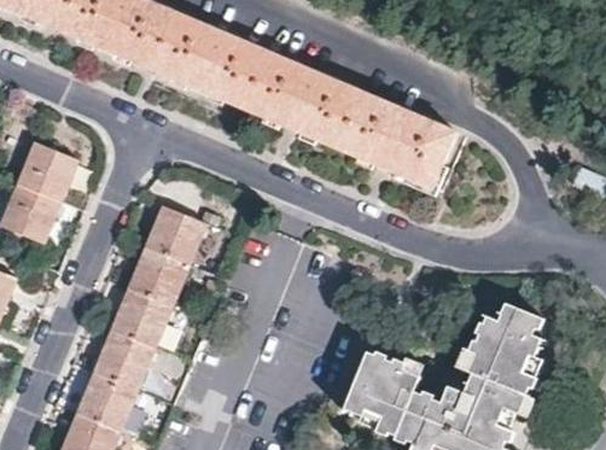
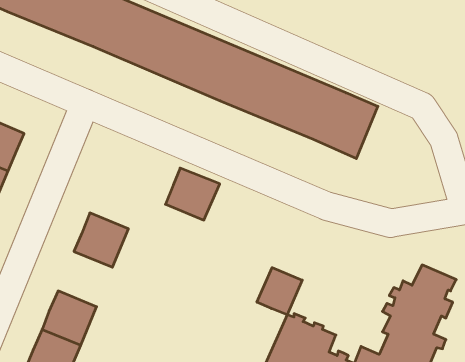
building: [148,206,206,262] -> [165,168,220,220]
building: [115,286,173,345] -> none
building: none -> [257,268,302,315]

